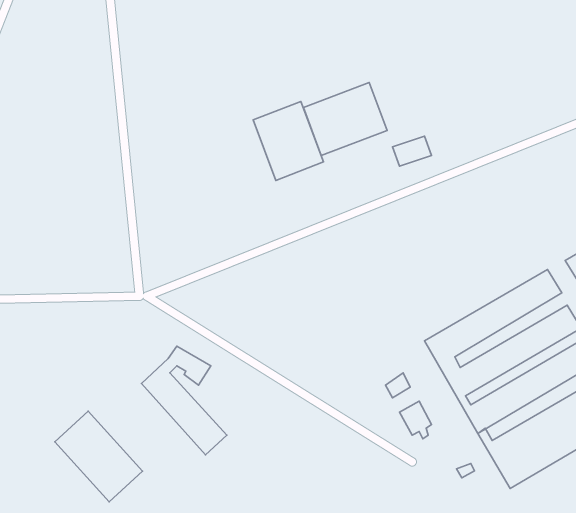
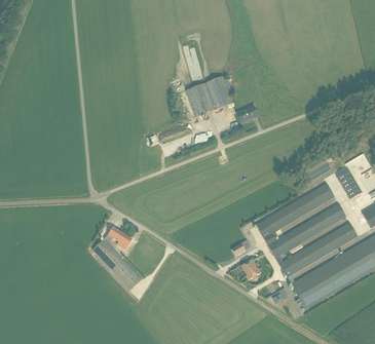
building: [253,102,324,180] -> none
building: [55,411,142,502] -> none

